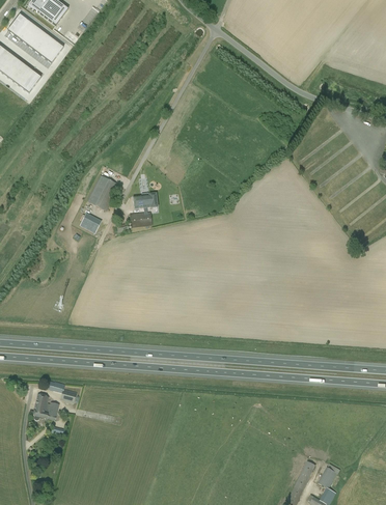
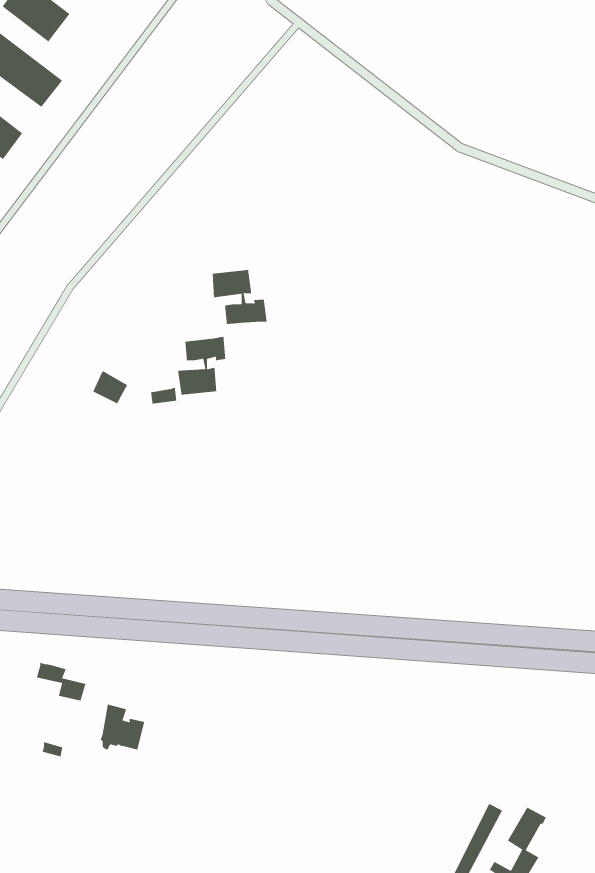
building: none -> [212,269,267,325]
building: [86,174,120,211] -> none
building: [33,393,59,420] -> [100,703,145,750]

